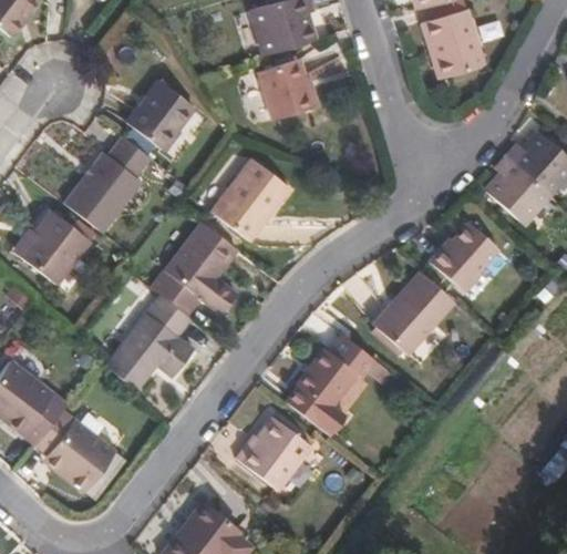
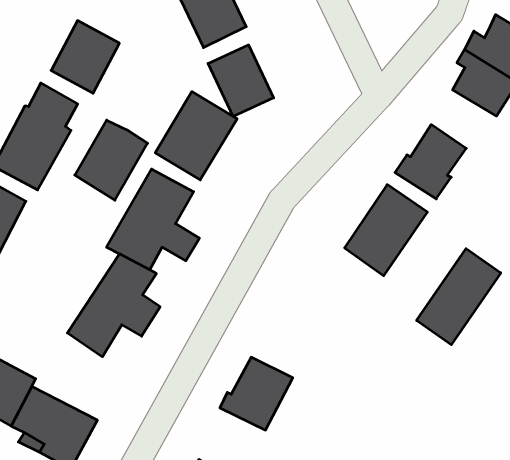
building: none -> [208,45,274,116]
building: none -> [75,120,148,200]
building: [287,336,374,433] -> none
building: none -> [417,249,501,345]

